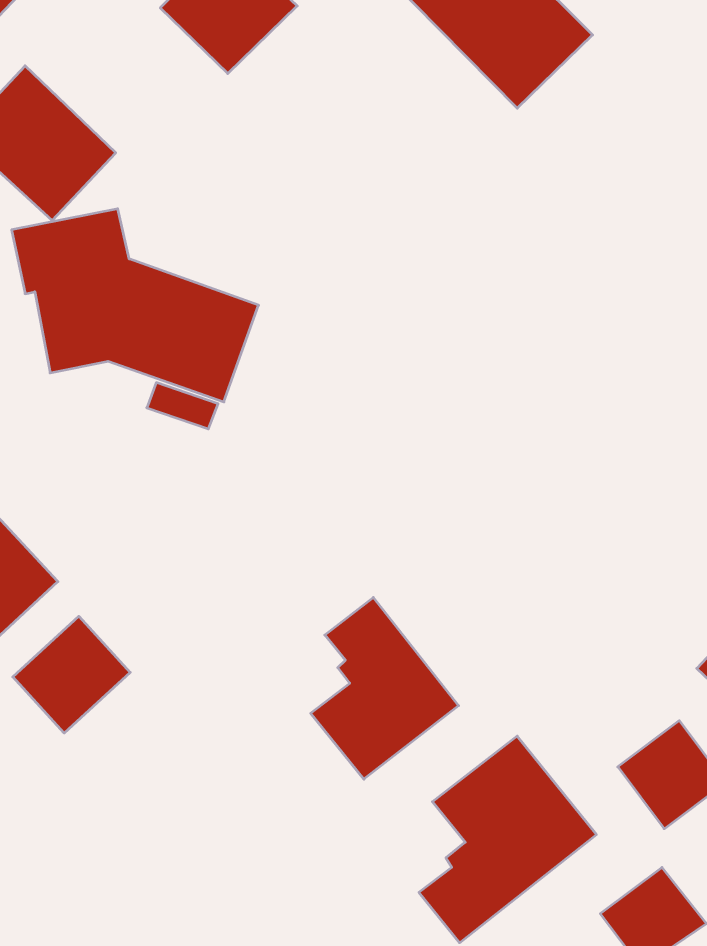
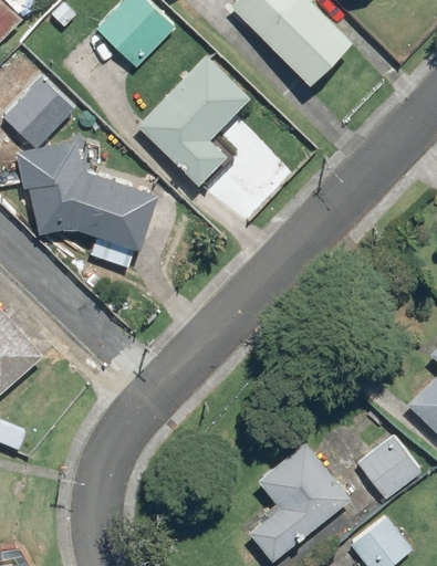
building: none -> [138,56,249,185]
building: [311,597,459,779] -> none
building: [13,616,130,733] -> none

